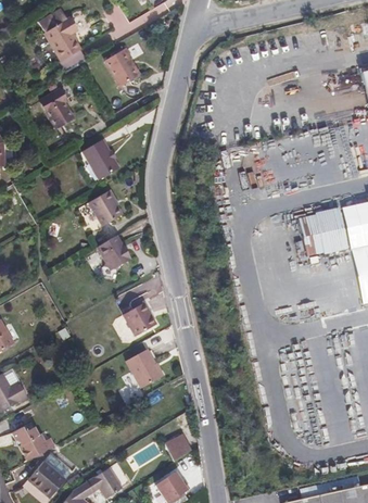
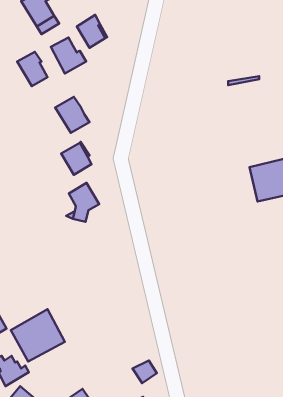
building: none -> [51,37,86,73]
building: [124,302,154,336] -> none
building: [125,349,162,388] -> none
building: none -> [11,309,65,362]

